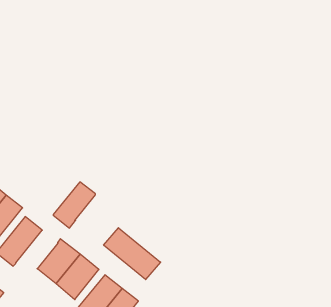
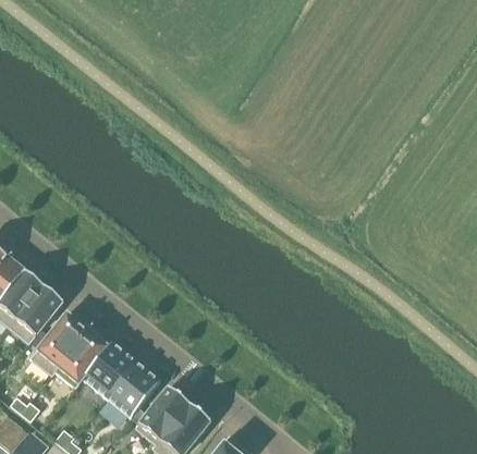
building: [53,182,95,228] -> [54,330,108,389]
building: [104,228,161,280] -> none

